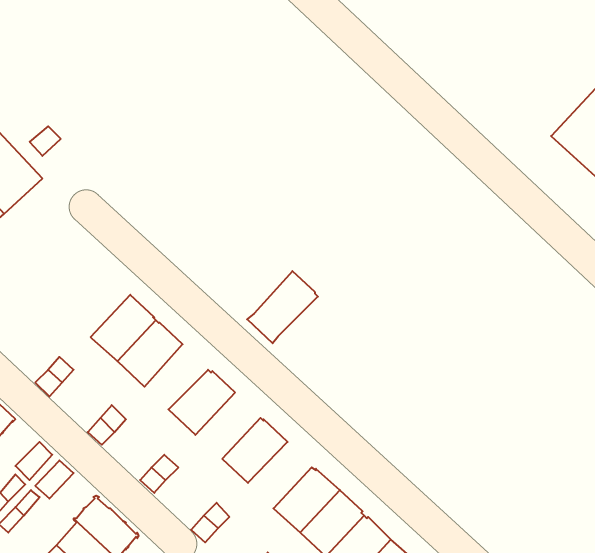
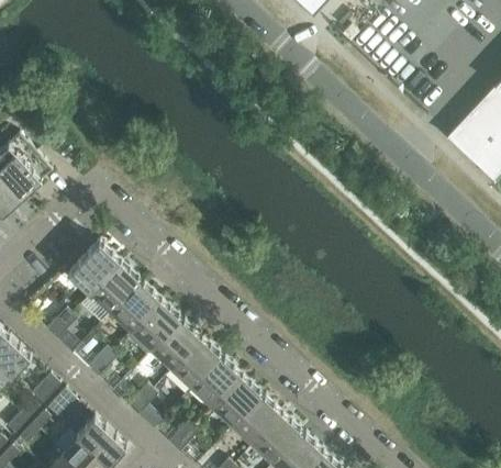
building: none -> [67,242,120,294]
building: [247,271,318,343] -> [125,300,180,356]
building: none -> [170,337,221,389]
building: none -> [211,376,260,427]

